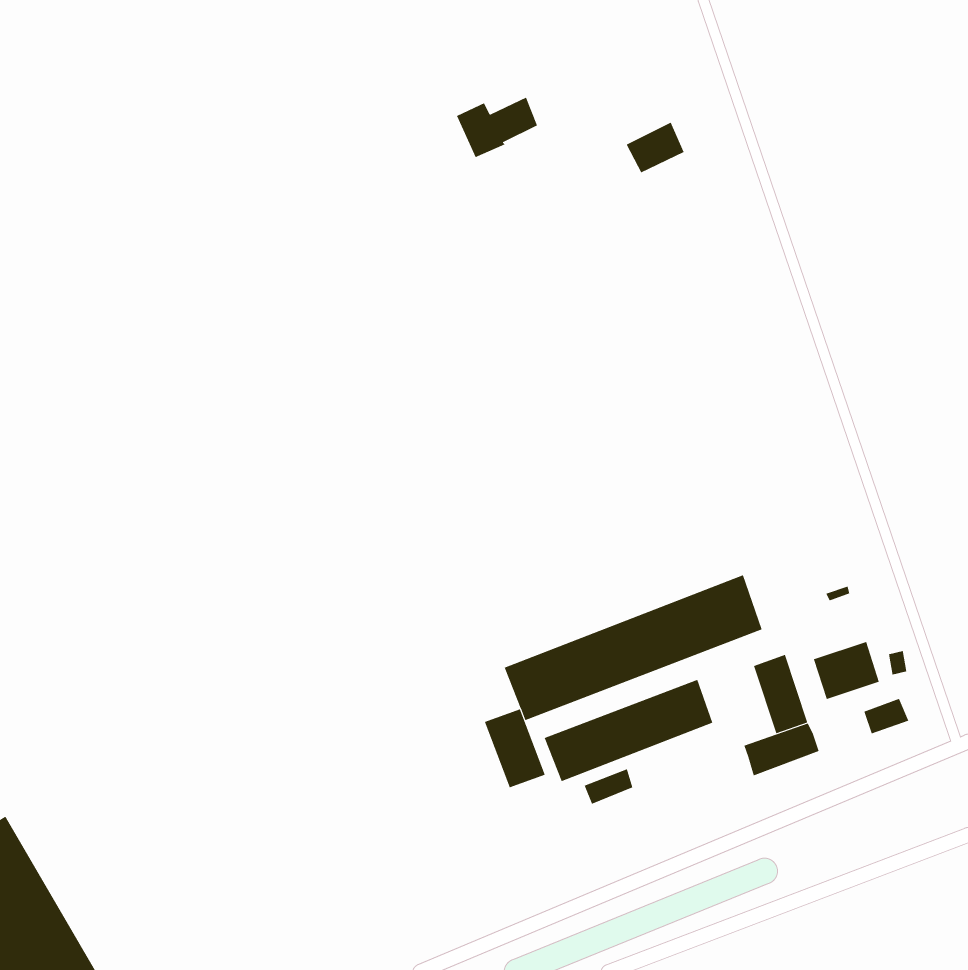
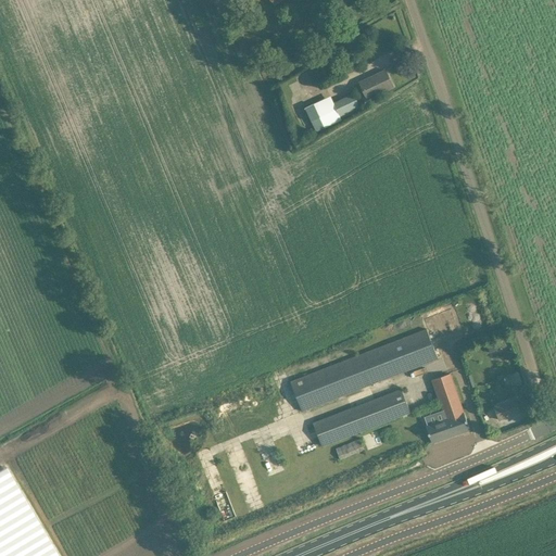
building: [456,97,538,158] -> [312,93,358,128]
building: [813,641,880,700] -> none
building: [484,708,546,788] -> none

